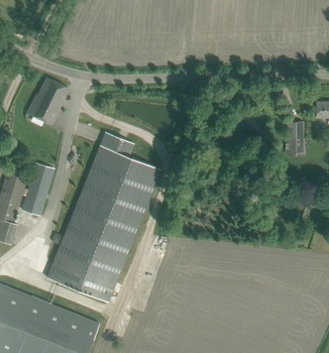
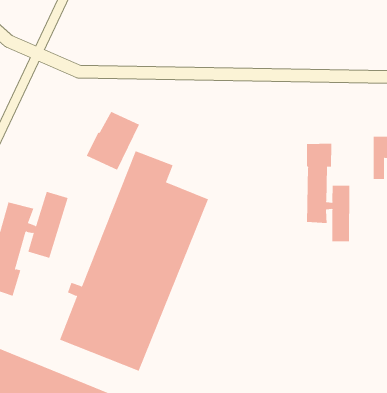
building: [27,79,69,124] -> [86,111,140,170]
building: none -> [307,143,350,242]

